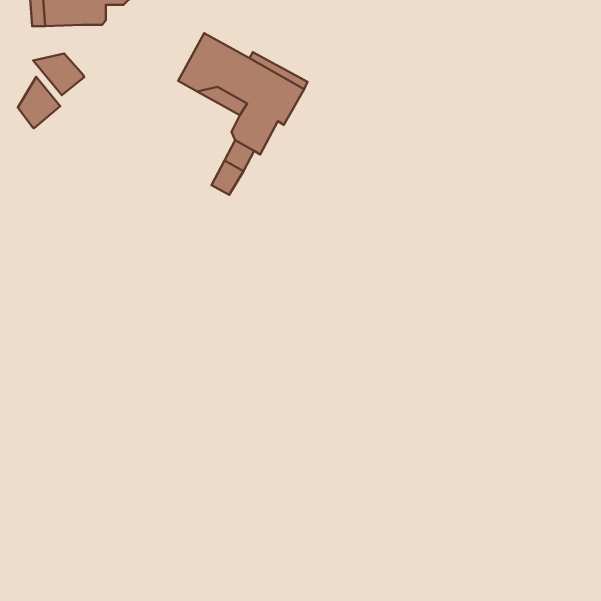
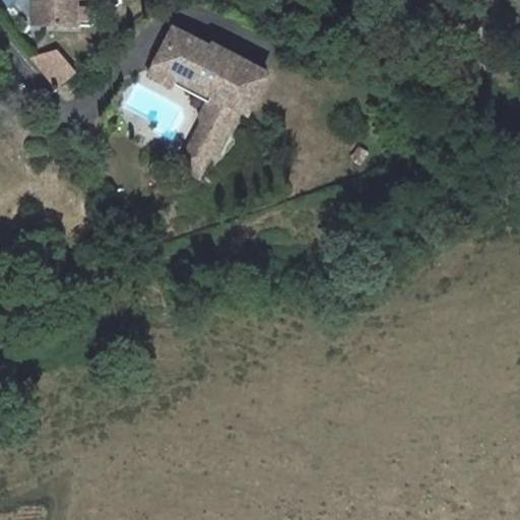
building: [18,77,60,128] -> none

